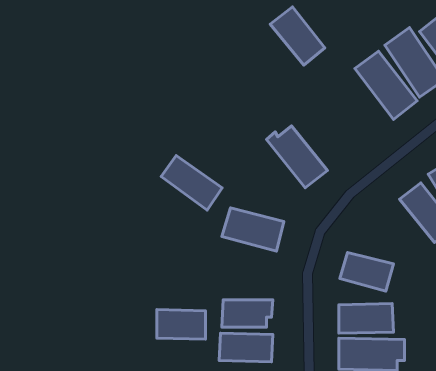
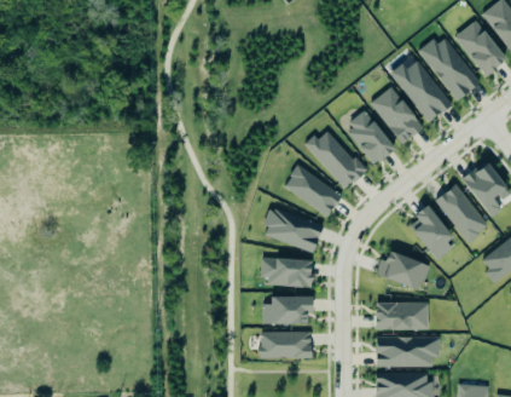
building: [270,7,325,65] -> [370,86,423,143]
building: none -> [344,110,394,165]
building: [161,155,222,210] -> [283,163,342,217]
building: none -> [406,207,457,260]
building: [157,309,205,339] -> [263,258,310,287]

